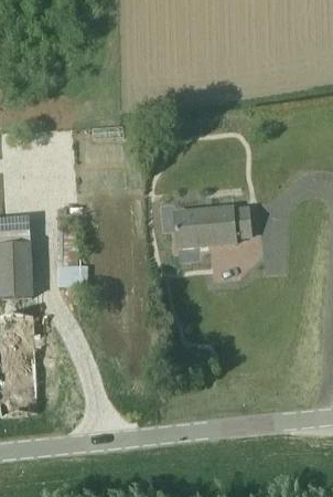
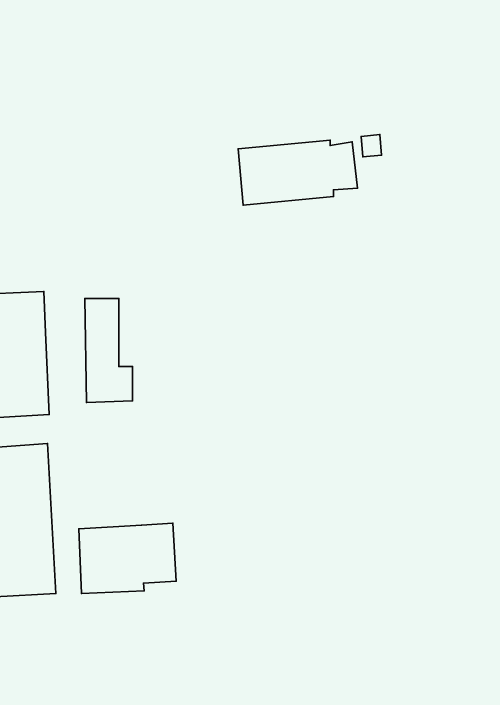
building: [173,205,250,247] -> [238,140,357,205]
building: none -> [79,523,176,593]

